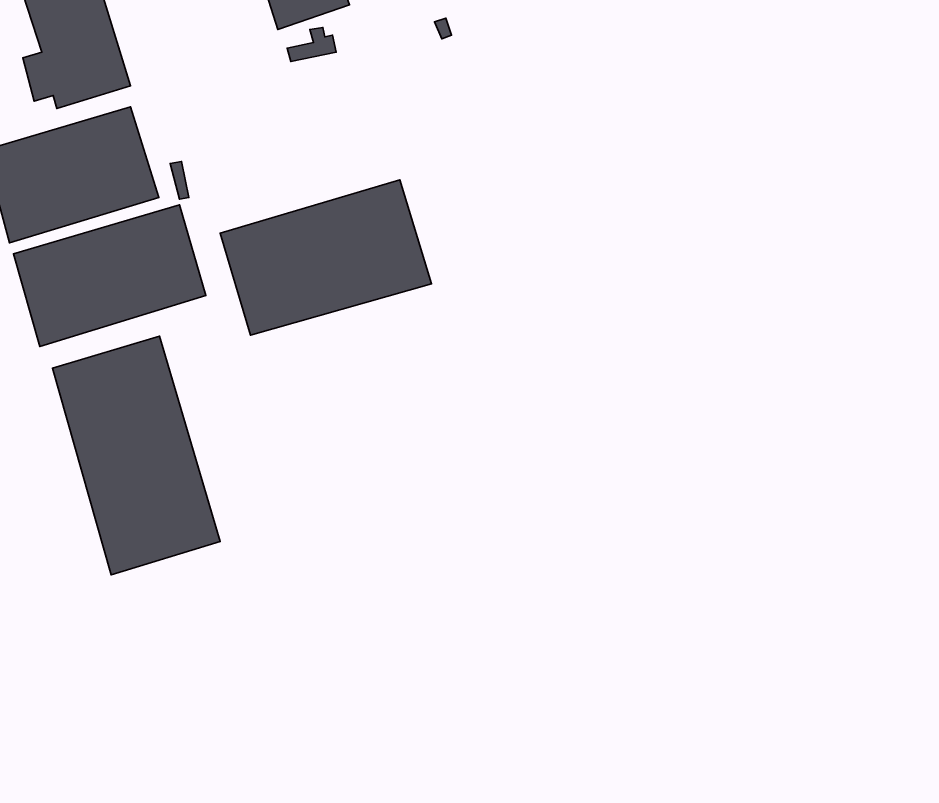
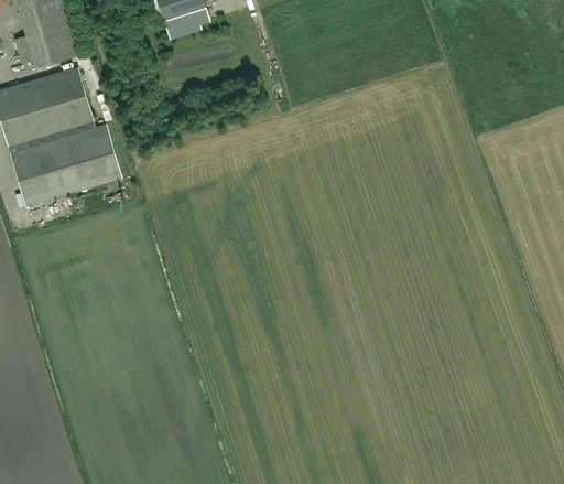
building: [220,180,432,335] -> none
building: [52,336,220,575] -> none

